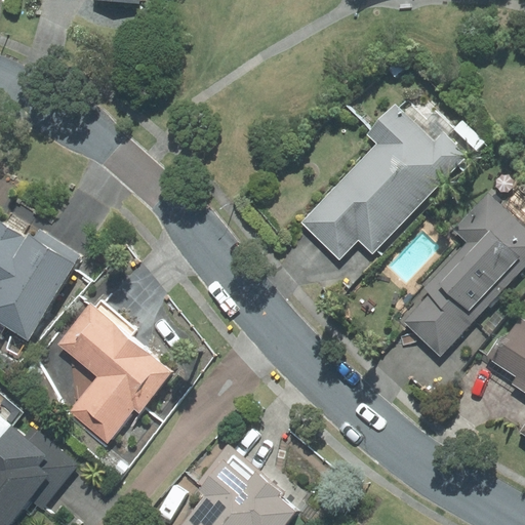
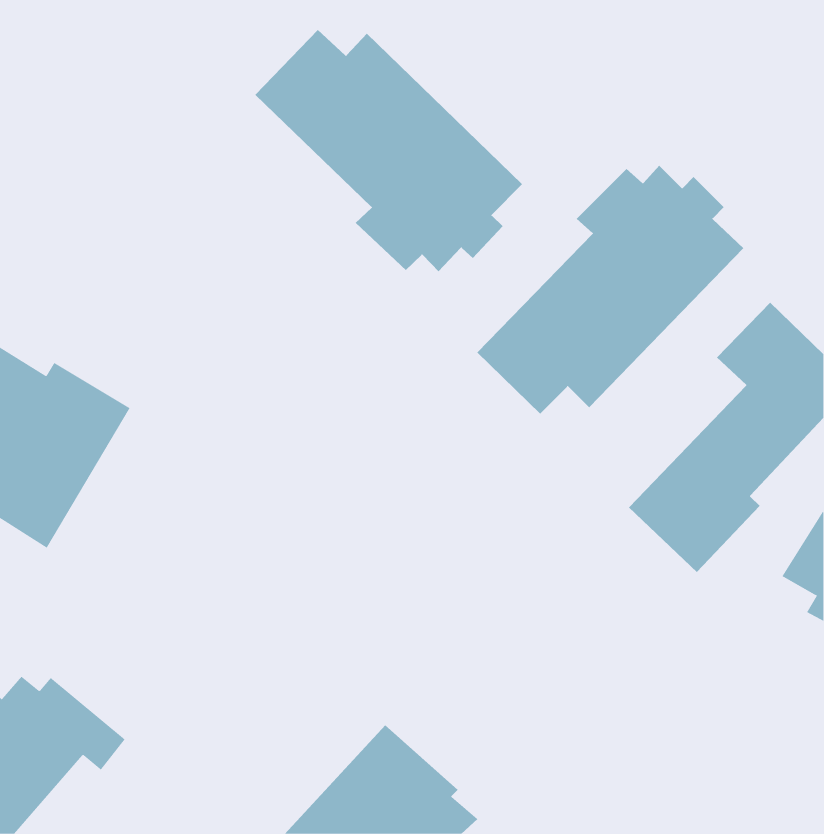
building: none -> [255,29,523,272]
building: [58,296,178,444] -> none

